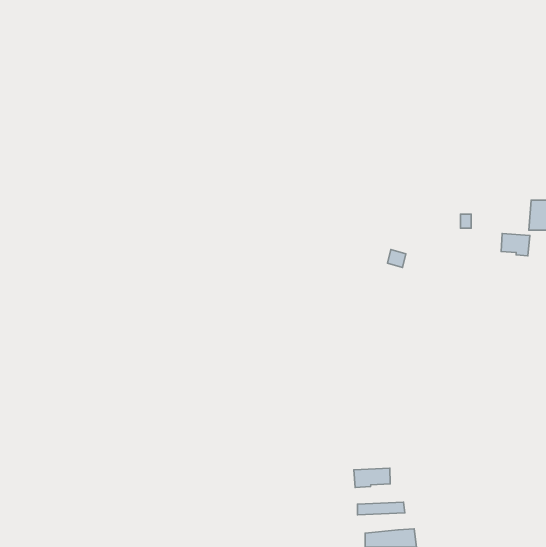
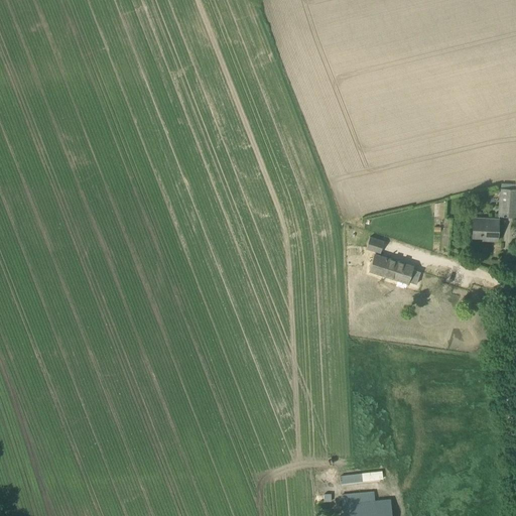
building: none -> [370,254,421,284]
building: [354,468,390,487] -> none

